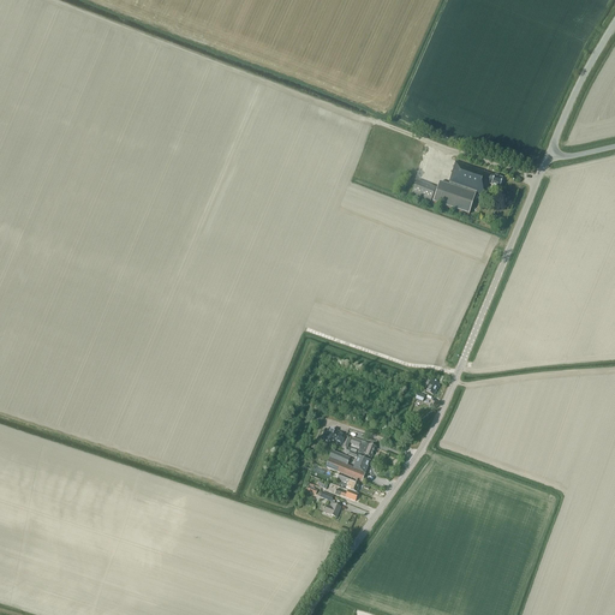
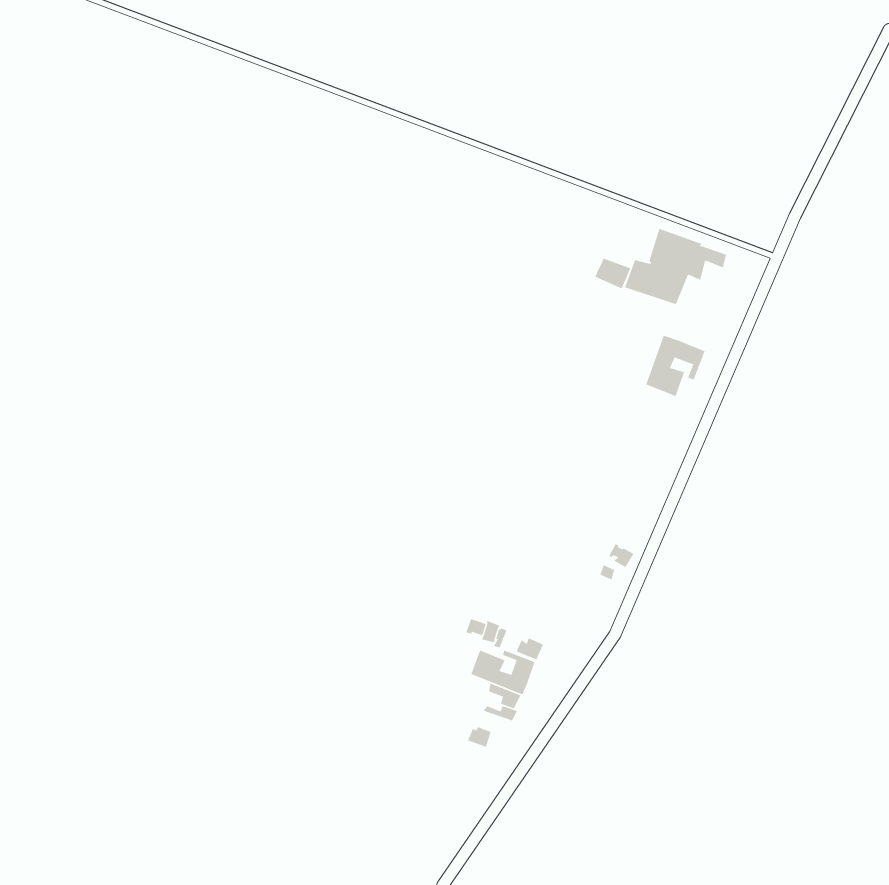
building: none -> [645,335,705,397]

